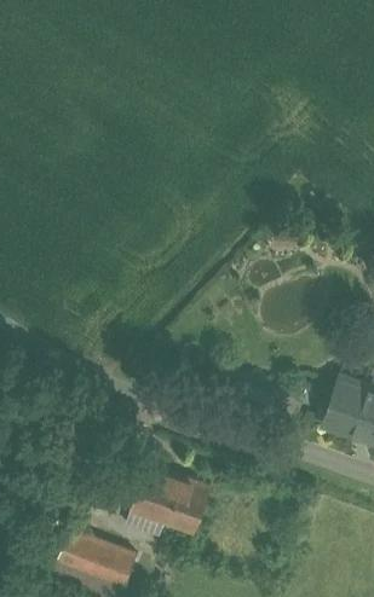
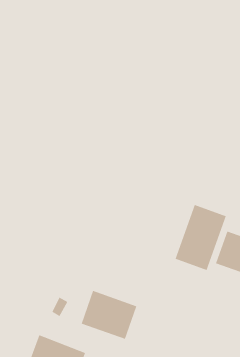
building: none -> [175,204,226,271]

